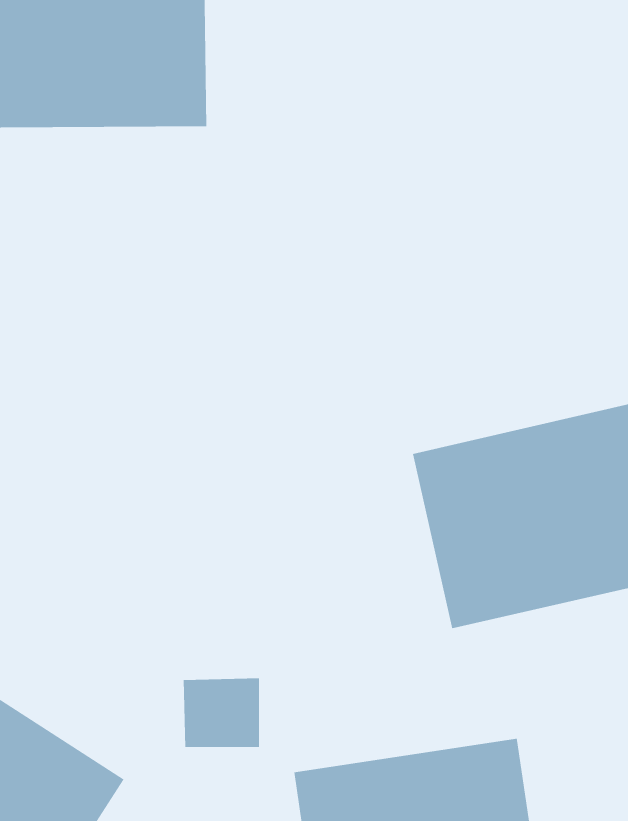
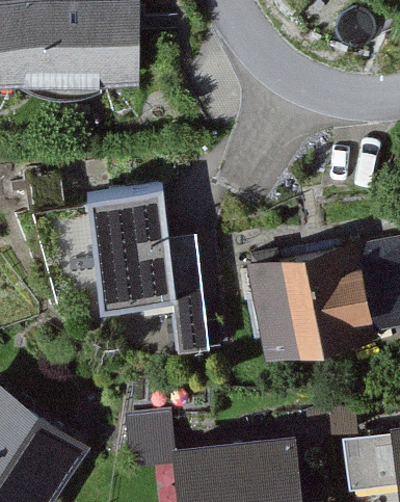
building: none -> [75,189,193,355]

